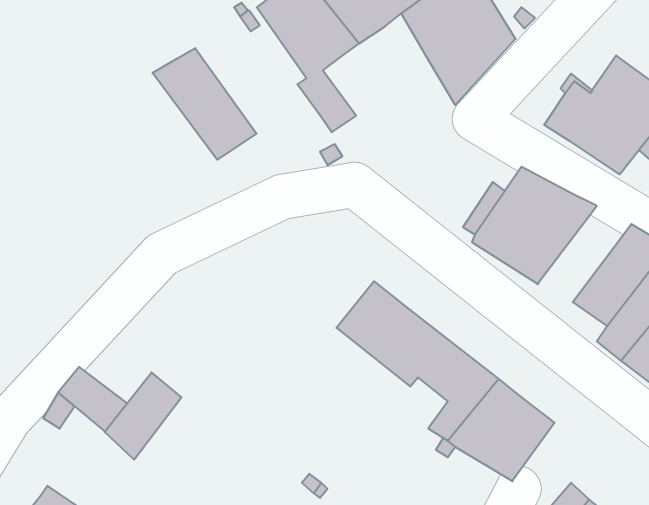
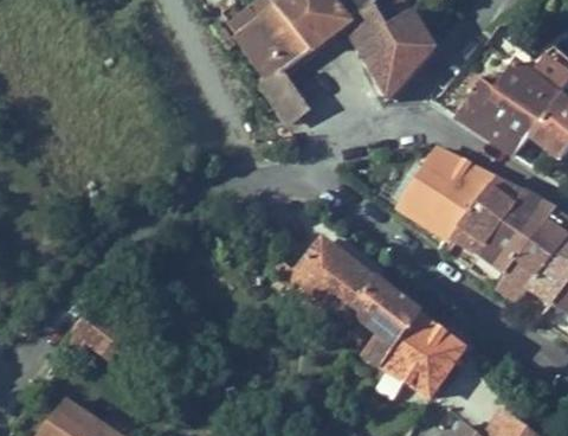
building: [153,48,257,160] -> none
building: none -> [453,179,525,255]
building: [105,372,181,460] -> none

